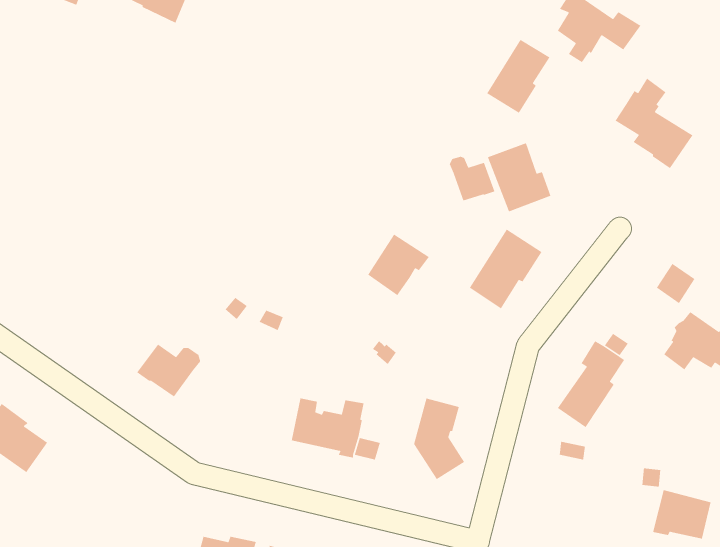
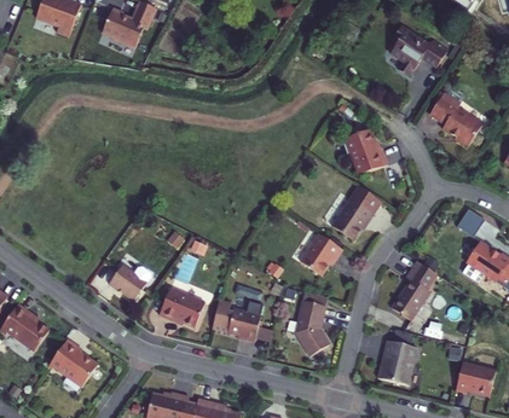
building: [486,39,551,114] -> none
building: [449,156,496,202] -> none
building: [367,233,430,296] -> [300,233,342,275]
building: none -> [158,288,204,326]
building: none -> [47,338,97,387]
building: none -> [380,339,416,384]

